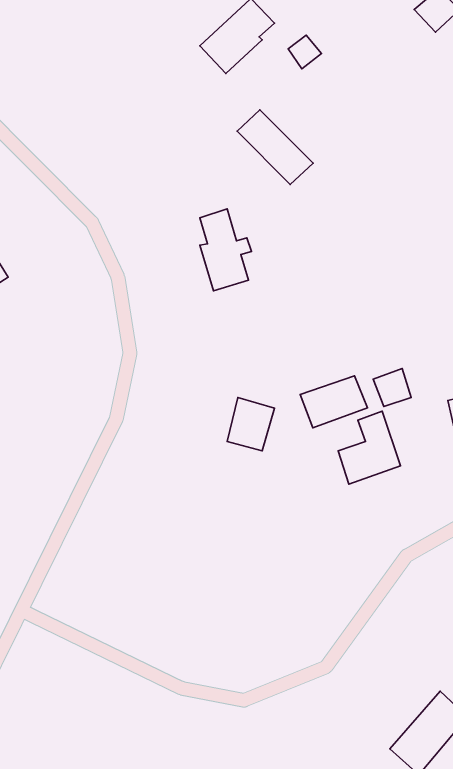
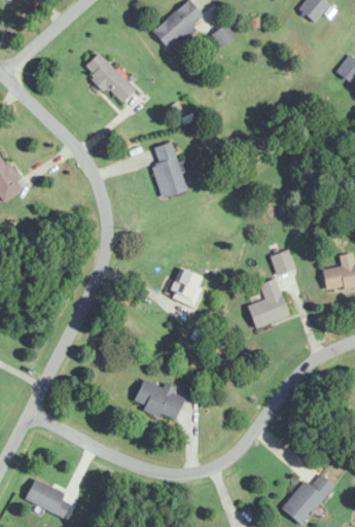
building: [237,110,313,184] -> [83,54,135,104]
building: [300,376,368,428] -> none
building: none -> [132,379,186,421]
building: none -> [25,480,72,516]

